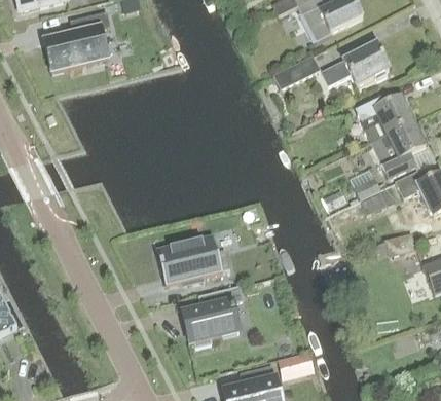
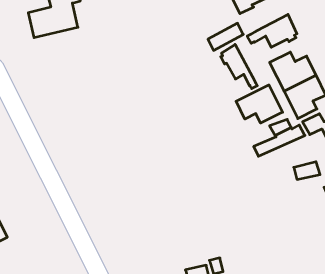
building: none -> [221,44,257,89]
building: none -> [236,85,283,123]
building: [155,233,229,286] -> none
building: [182,288,238,344] -> none

